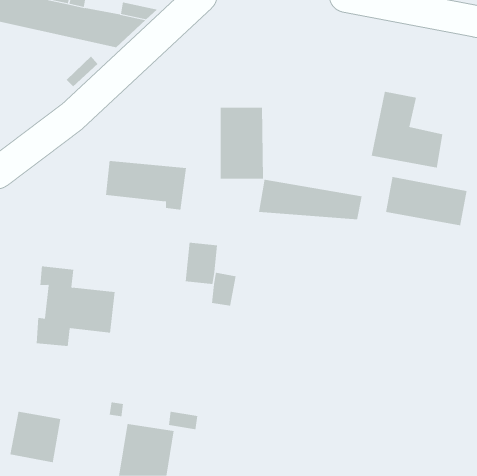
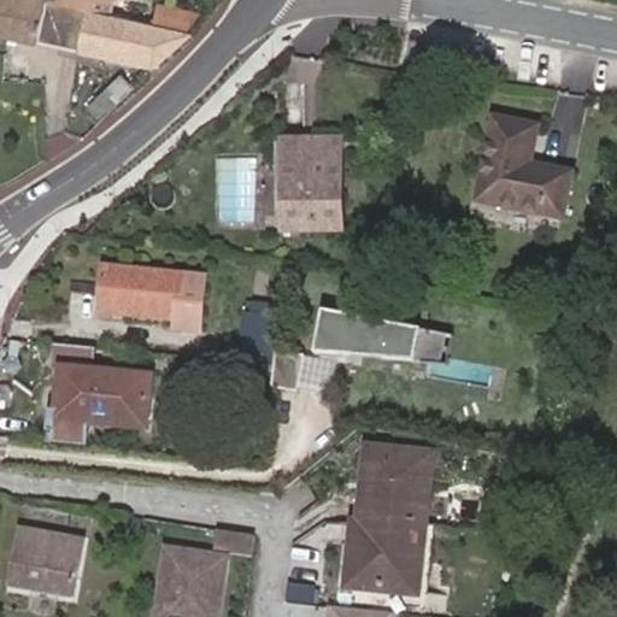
building: [105,160,187,210] -> [98,265,202,329]
building: [386,176,467,226] -> none
building: [258,179,362,220] -> [315,310,448,362]
building: none -> [345,446,430,592]

